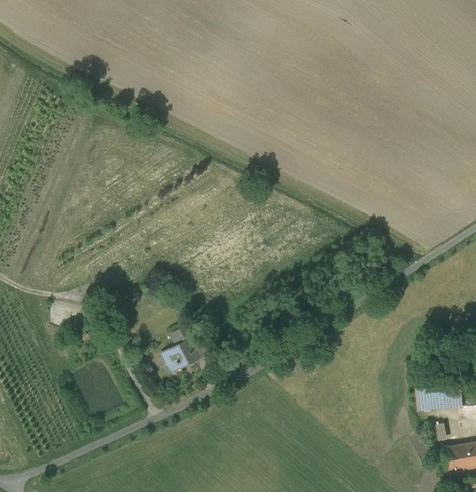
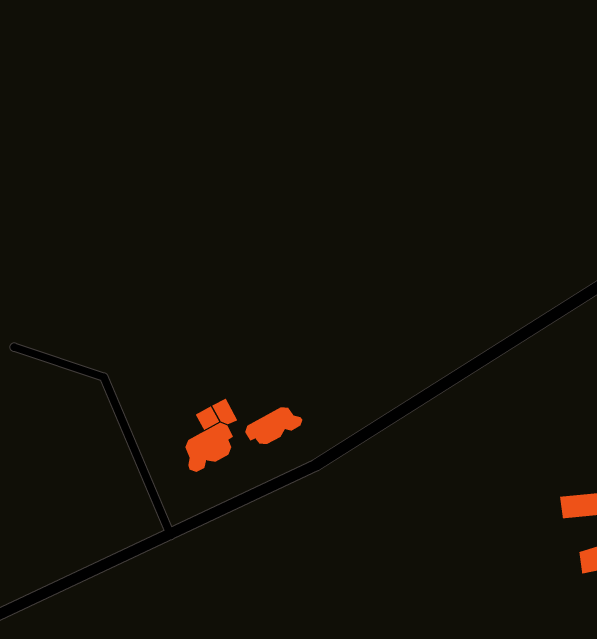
building: none -> [245,407,303,445]

